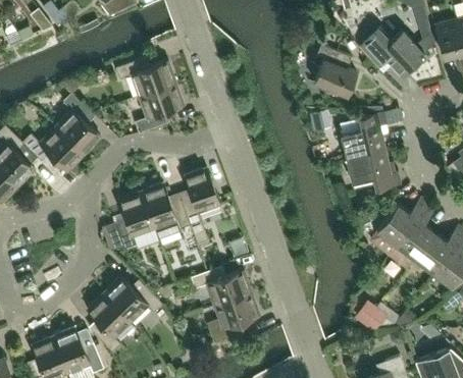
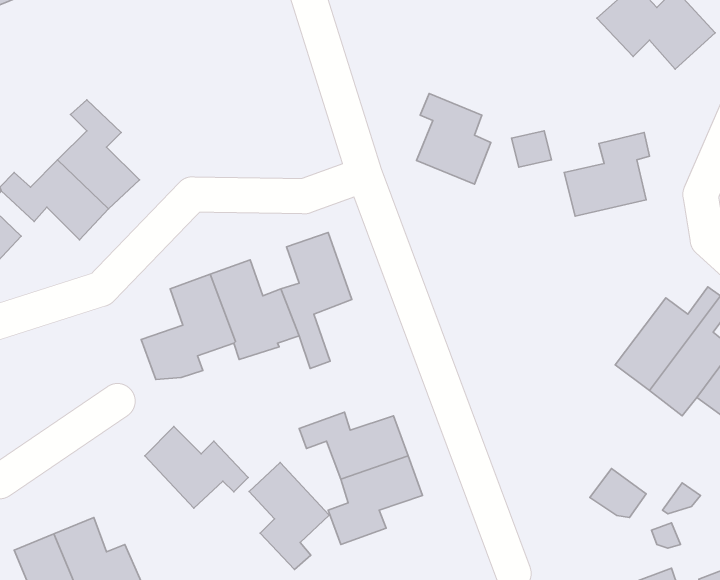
building: [314,46,356,97] -> [416,93,491,184]
building: [115,59,185,134] -> none
building: [346,150,401,191] -> none
building: [87,293,132,354] -> [249,462,329,570]

